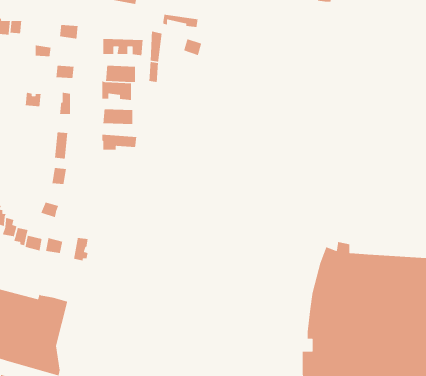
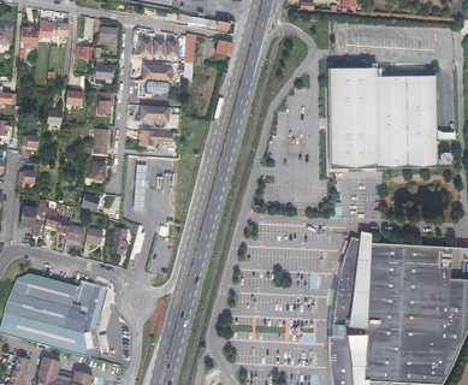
building: none -> [328,67,436,167]

